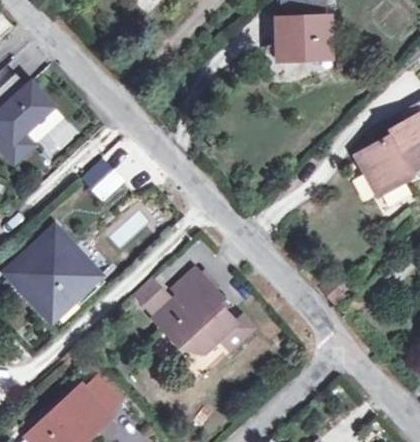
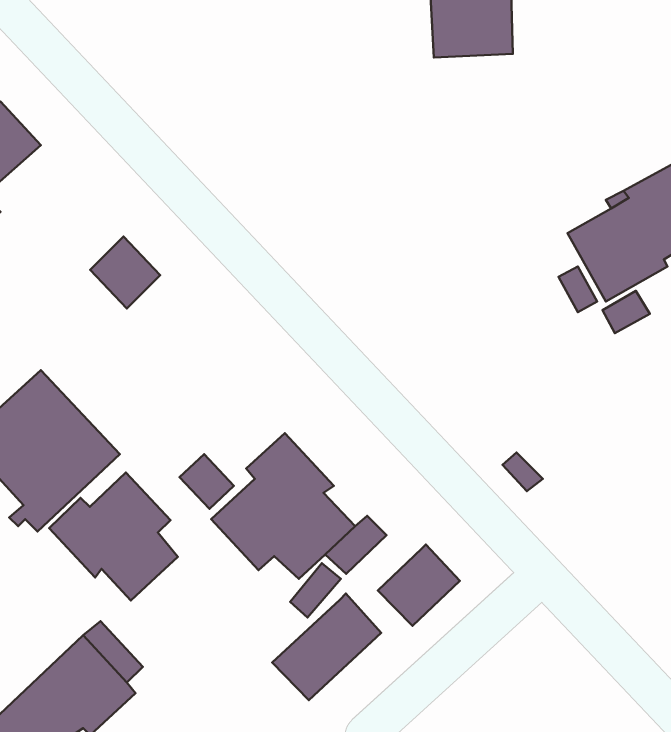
building: none -> [49,473,178,601]
building: none -> [378,544,460,626]
building: none -> [272,593,381,700]

